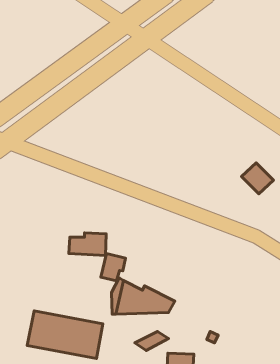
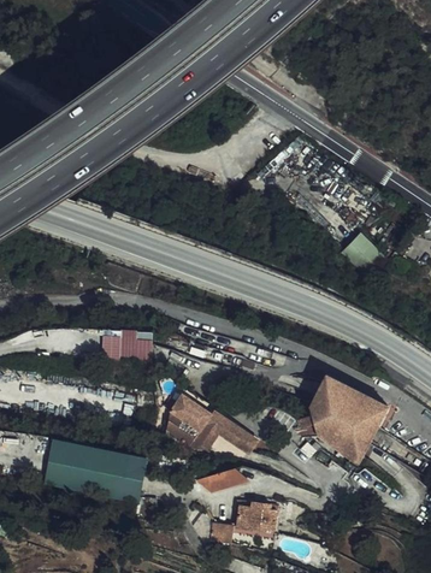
building: [101,254,125,281] -> none
building: none -> [308,380,385,465]

